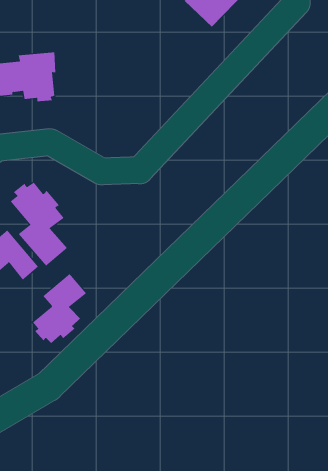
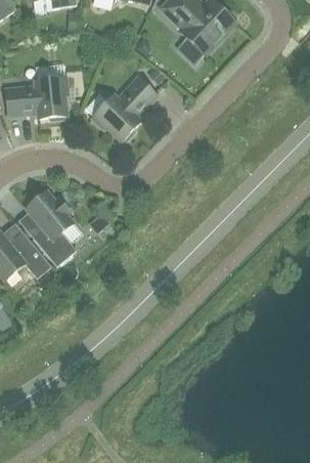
building: none -> [90,76,157,141]
building: [32,273,87,344] -> none

